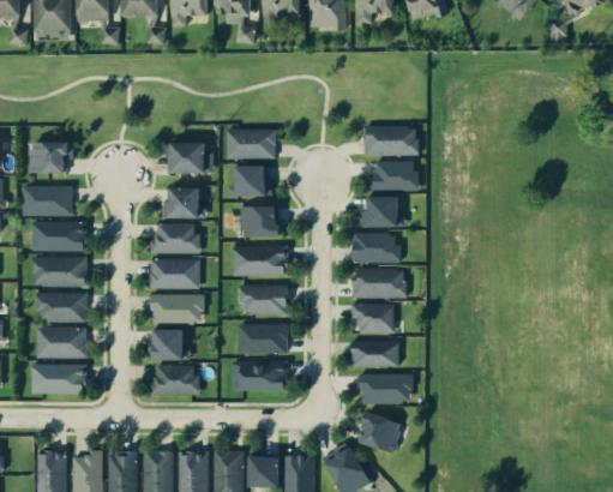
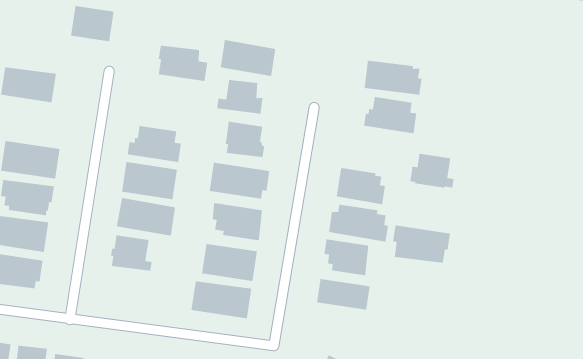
building: [29,142,67,172] -> [70,5,115,42]
building: [163,187,204,218] -> none
building: [361,197,403,227] -> [409,153,454,189]
building: [31,221,85,251] -> none
building: [148,365,198,395] -> none
building: [357,372,411,403] -> [392,225,451,264]

